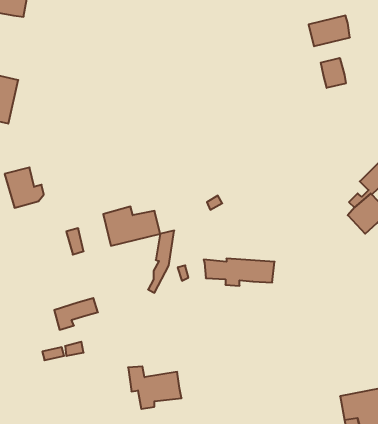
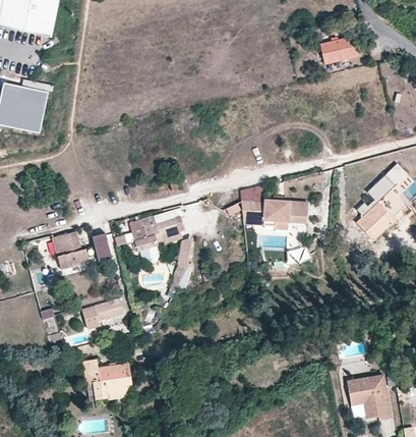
building: [321,58,346,88] -> none
building: [5,167,44,208] -> [51,231,87,269]
building: [204,259,275,286] -> [241,199,307,224]
building: [128,366,182,409] -> [83,359,133,398]

